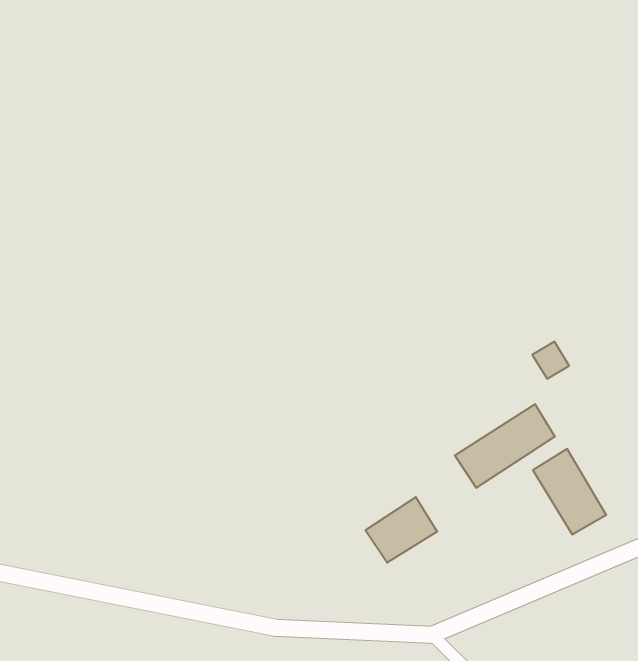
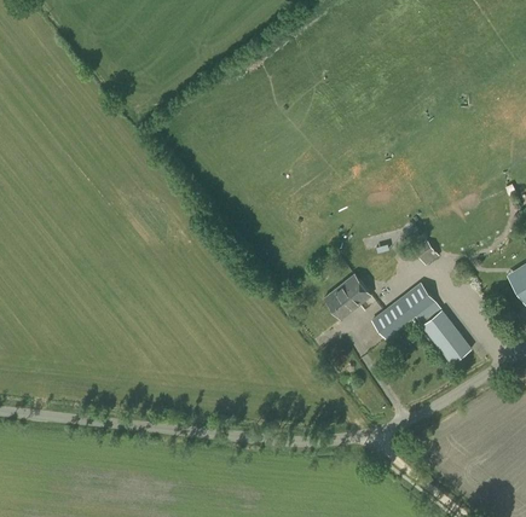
building: [365,497,437,563] -> [325,274,371,318]

